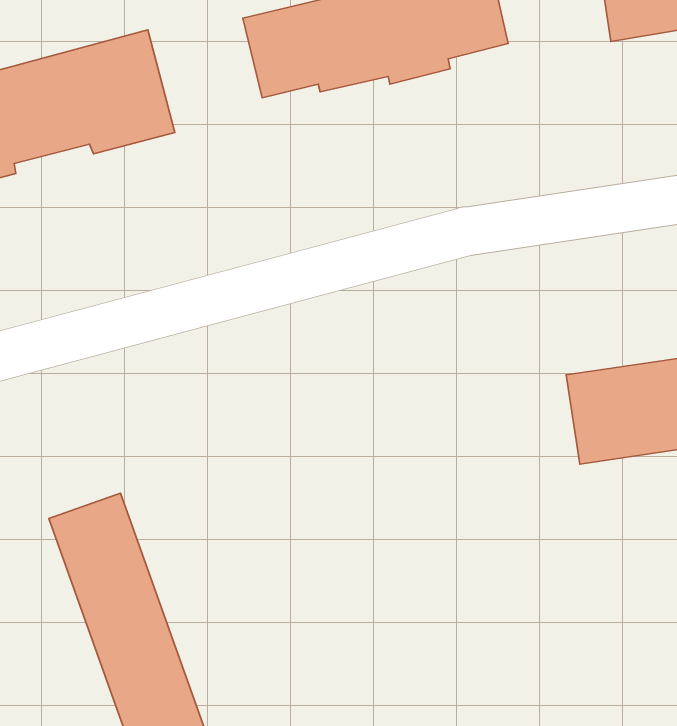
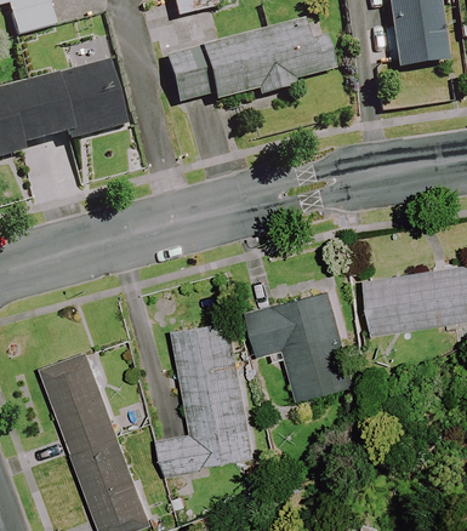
building: none -> [250,287,354,398]
building: none -> [161,319,256,470]

